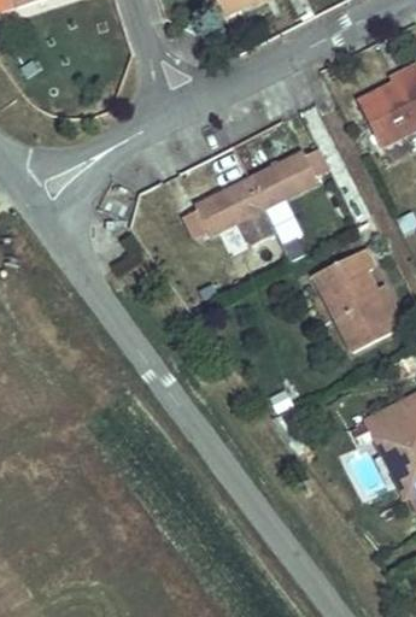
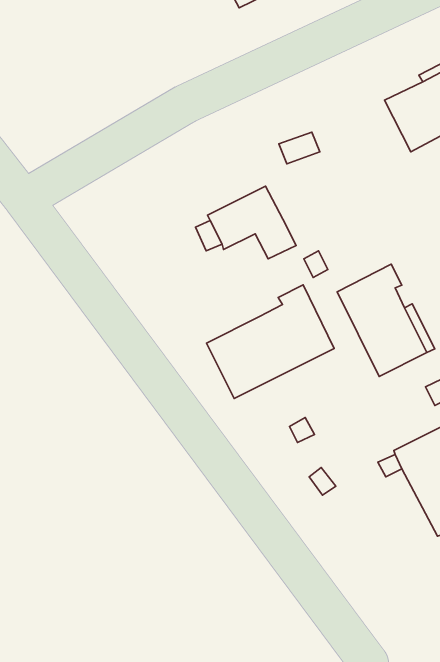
building: [250,148,330,207] -> none
building: none -> [206,285,334,399]

